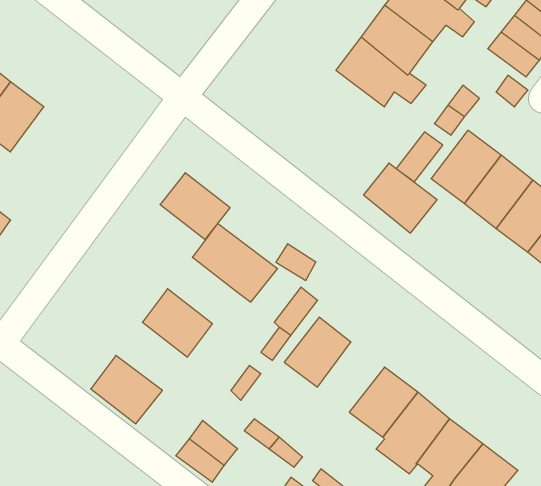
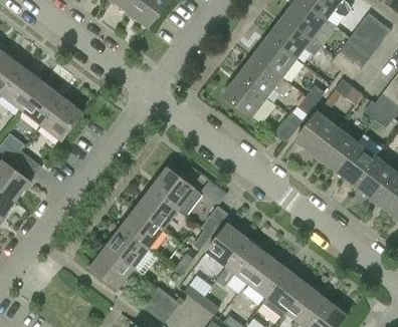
building: none -> [42,97,82,139]
building: [364,163,437,233] -> [223,75,267,117]
building: [160,173,230,239] -> [137,188,179,228]
building: none -> [106,227,149,268]
building: none -> [216,239,267,287]

